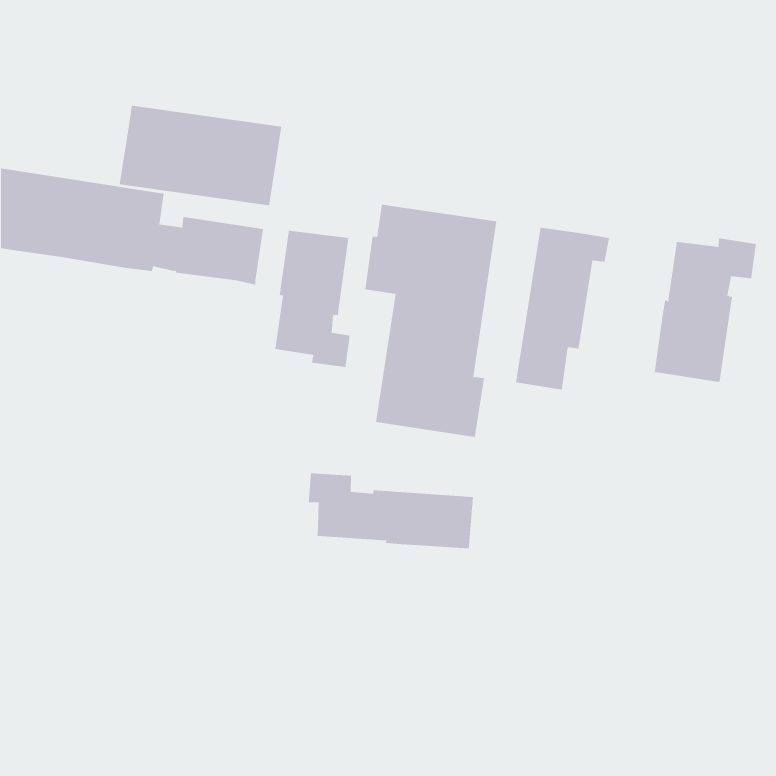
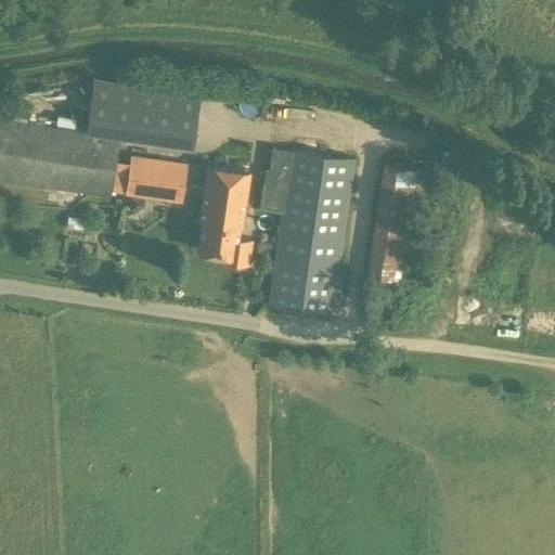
building: [654,238,757,383] -> none
building: [308,472,473,549] -> none

